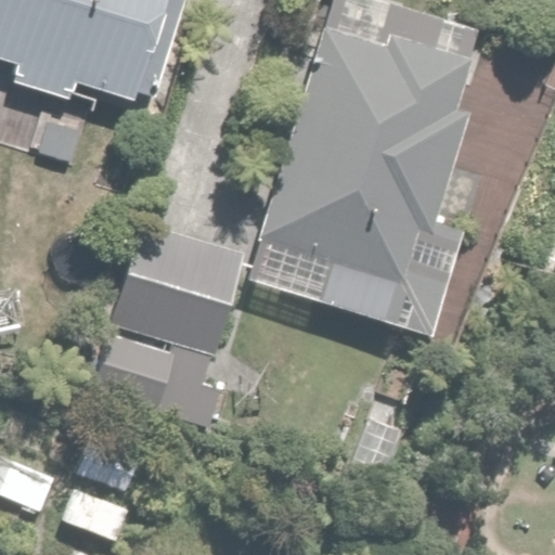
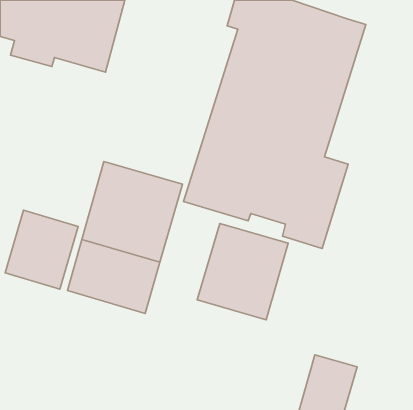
building: none -> [5,210,78,289]
building: none -> [197,223,288,320]

